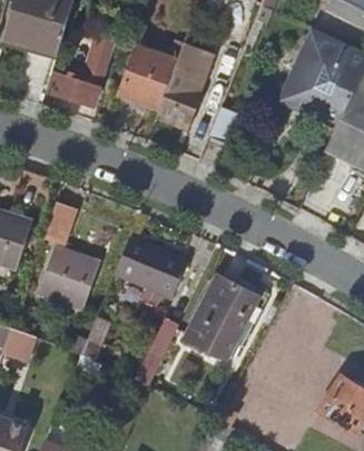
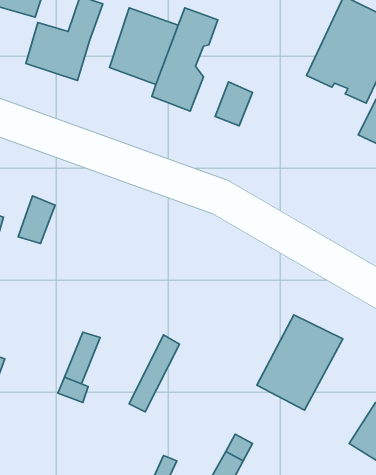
building: [115,236,187,304] -> none
building: [39,248,101,306] -> none
building: [186,277,258,357] -> [257,315,343,410]

